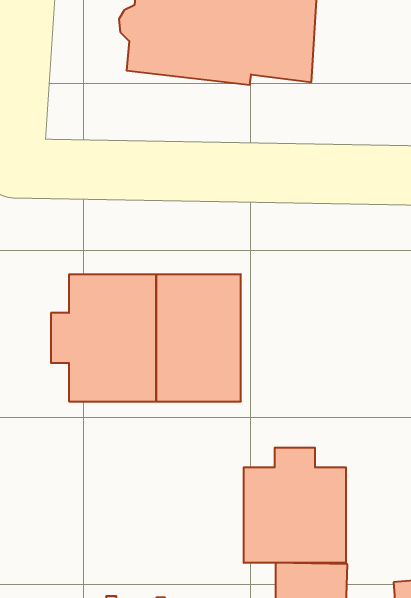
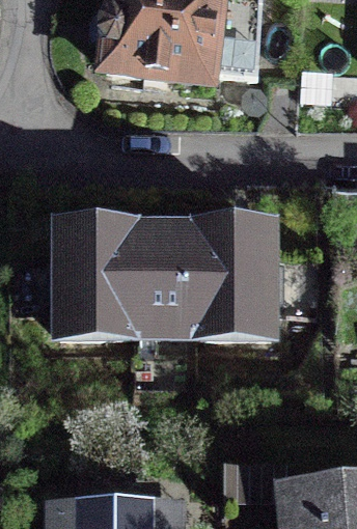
building: none -> [197,231,282,334]
building: [244,448,346,563] -> none

